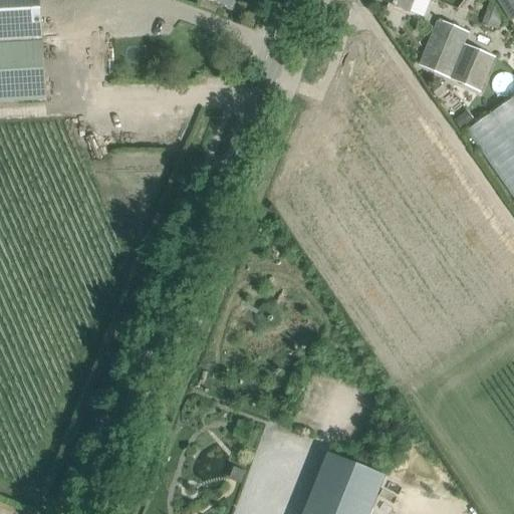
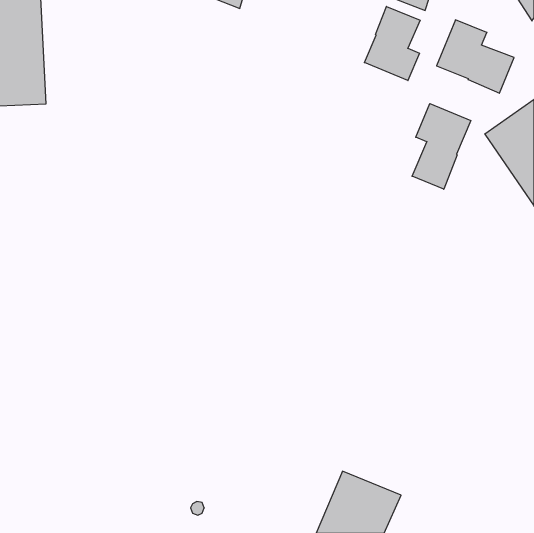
building: none -> [364,6,420,81]
building: none -> [412,104,471,189]

